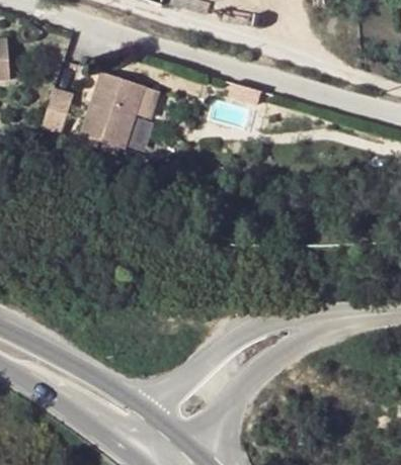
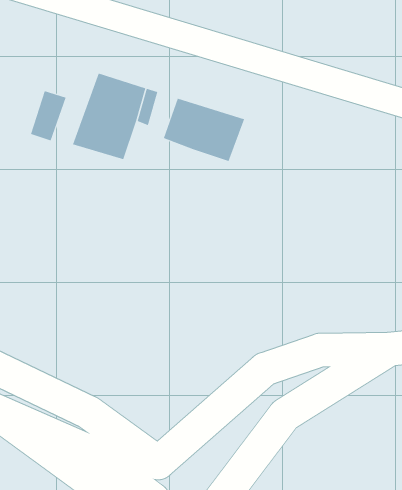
building: none -> [163,98,245,162]

